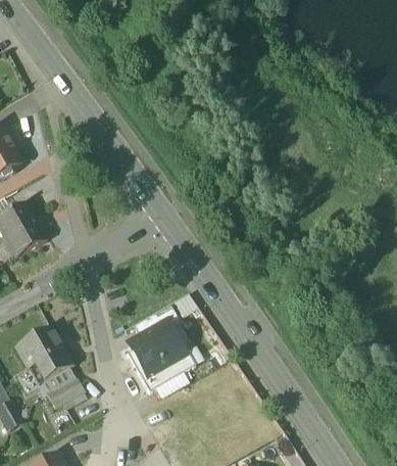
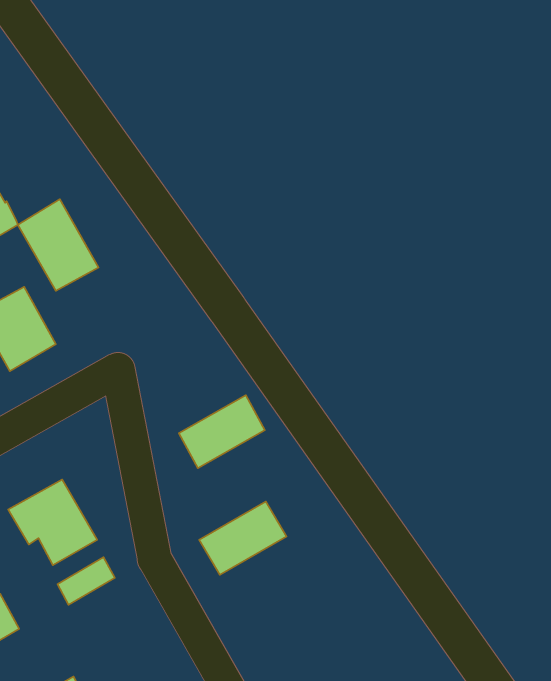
building: none -> [18,199,99,291]
building: [126,318,181,365] -> [179,395,265,468]

